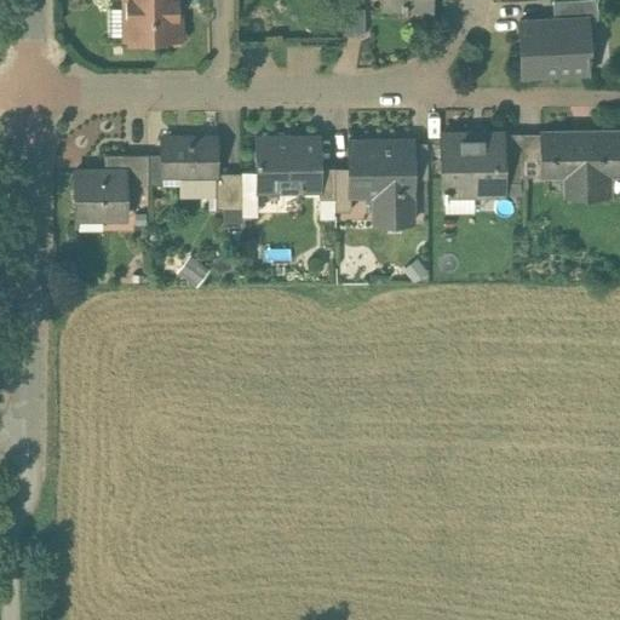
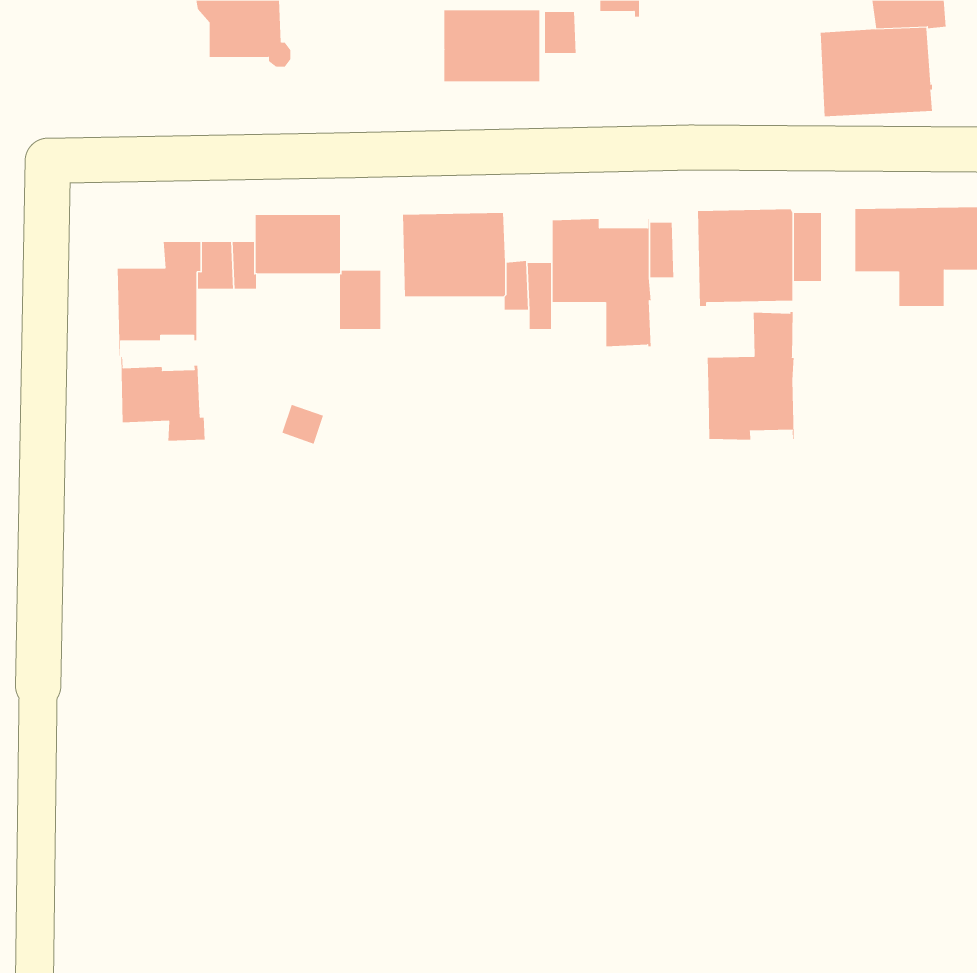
building: none -> [444,10,540,82]
building: [521,138,541,176] -> none
building: none -> [707,311,794,441]
building: none -> [121,356,205,442]

